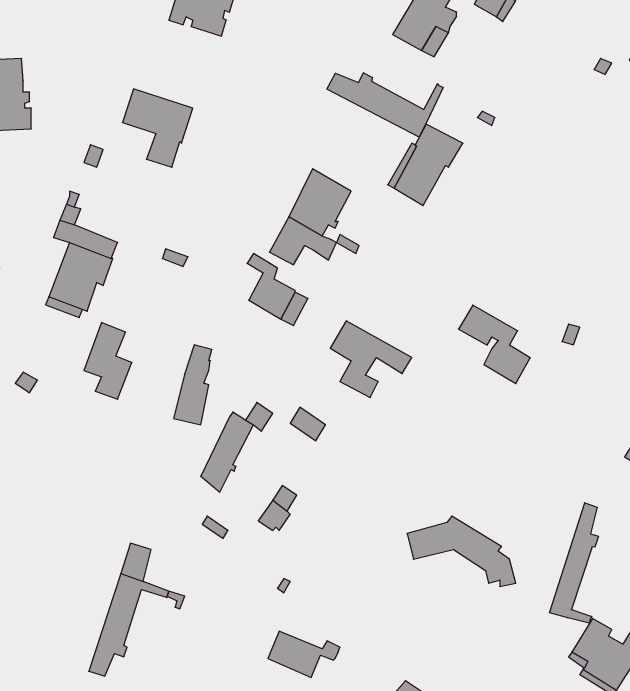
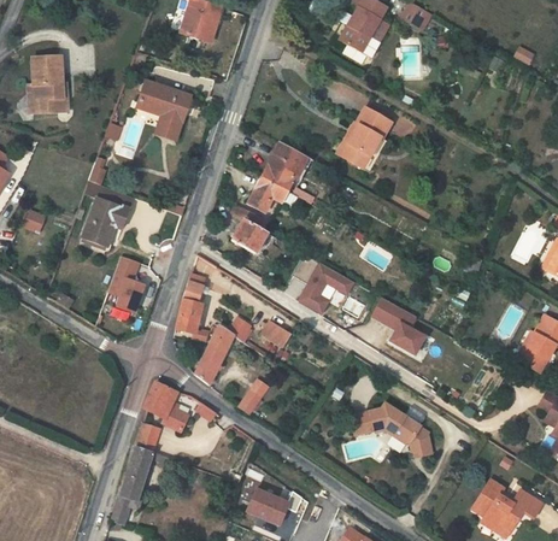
building: [327,73,443,137] -> none
building: [458,305,530,384] -> [370,296,424,355]
building: none -> [142,381,188,431]
building: [550,503,598,623] -> none

